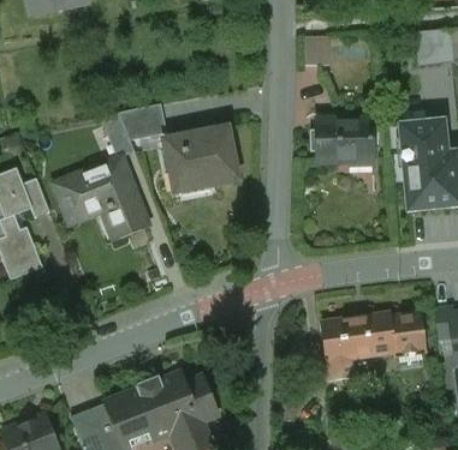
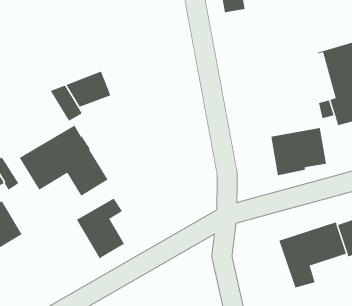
building: [316,118,373,162] -> [270,128,327,176]
building: [166,127,238,186] -> none
building: none -> [76,198,125,259]

